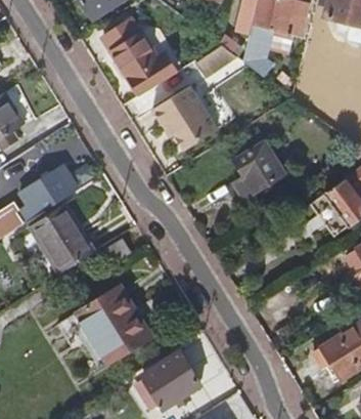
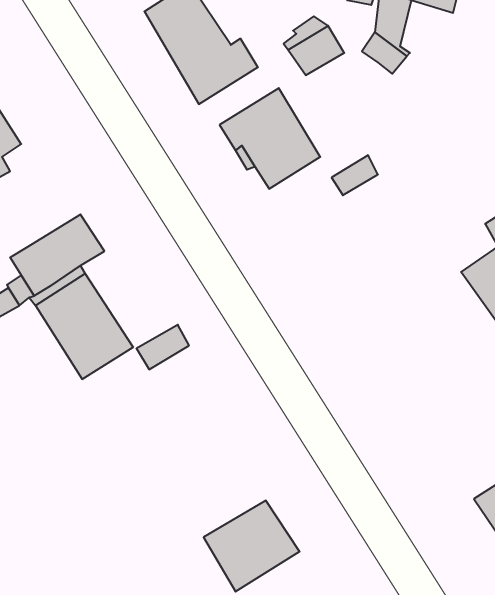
building: [231,140,280,197] -> none
building: [77,288,150,365] -> none

